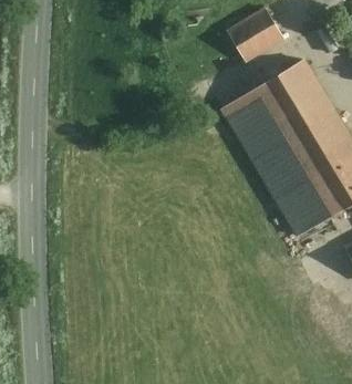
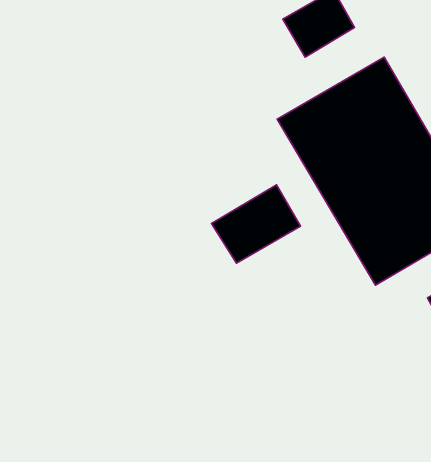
building: none -> [211,185,301,263]

